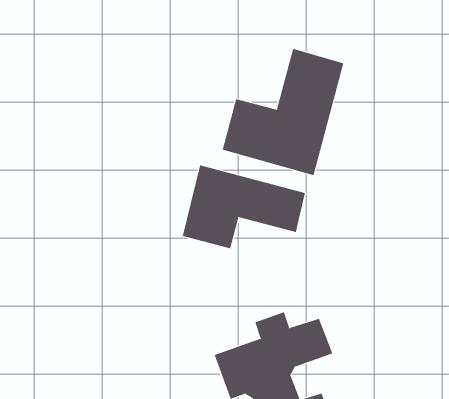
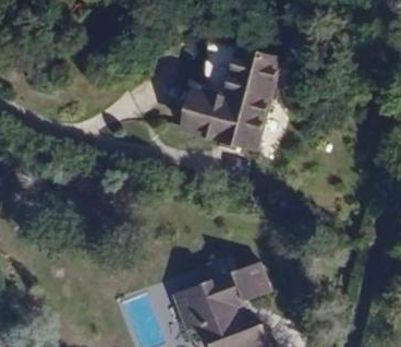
building: [182,165,306,249] -> none

